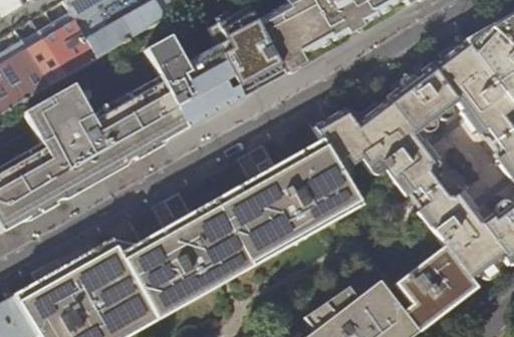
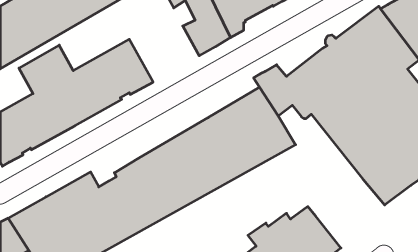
building: [147,37,246,129] -> none
building: [388,248,479,332] -> none

